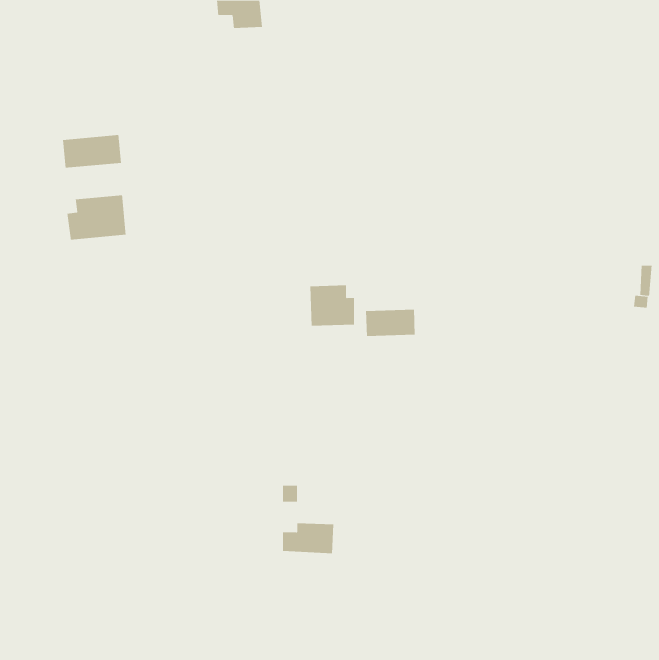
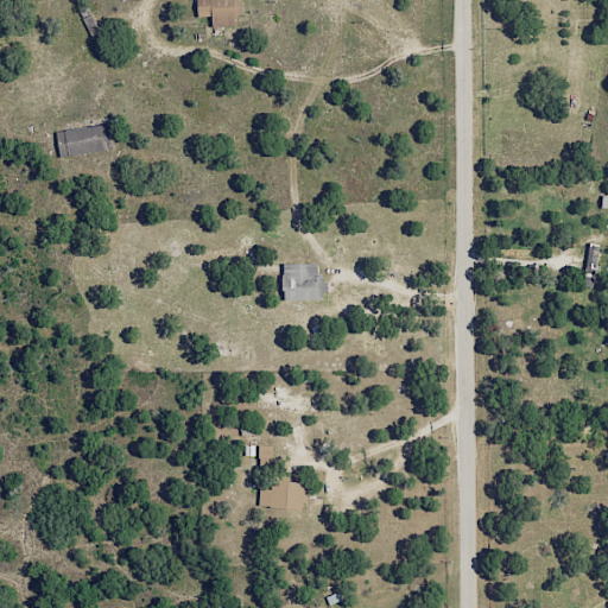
building: [67,195,126,240] -> none
building: [365,309,415,337] -> none

